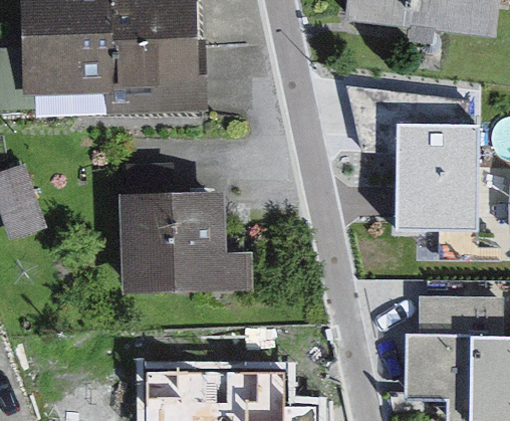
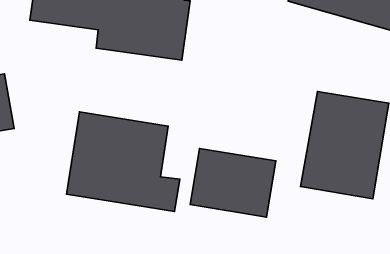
building: none -> [190,149,276,217]

